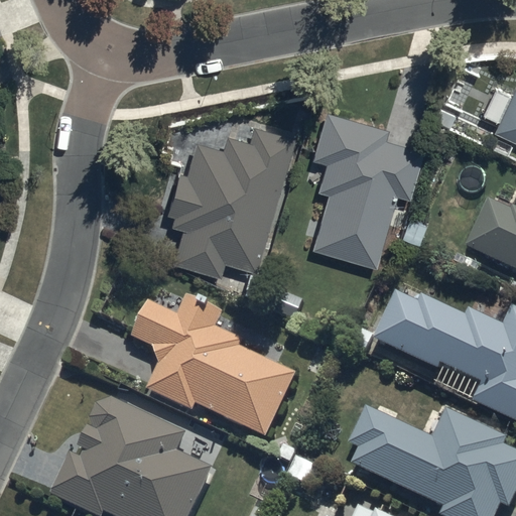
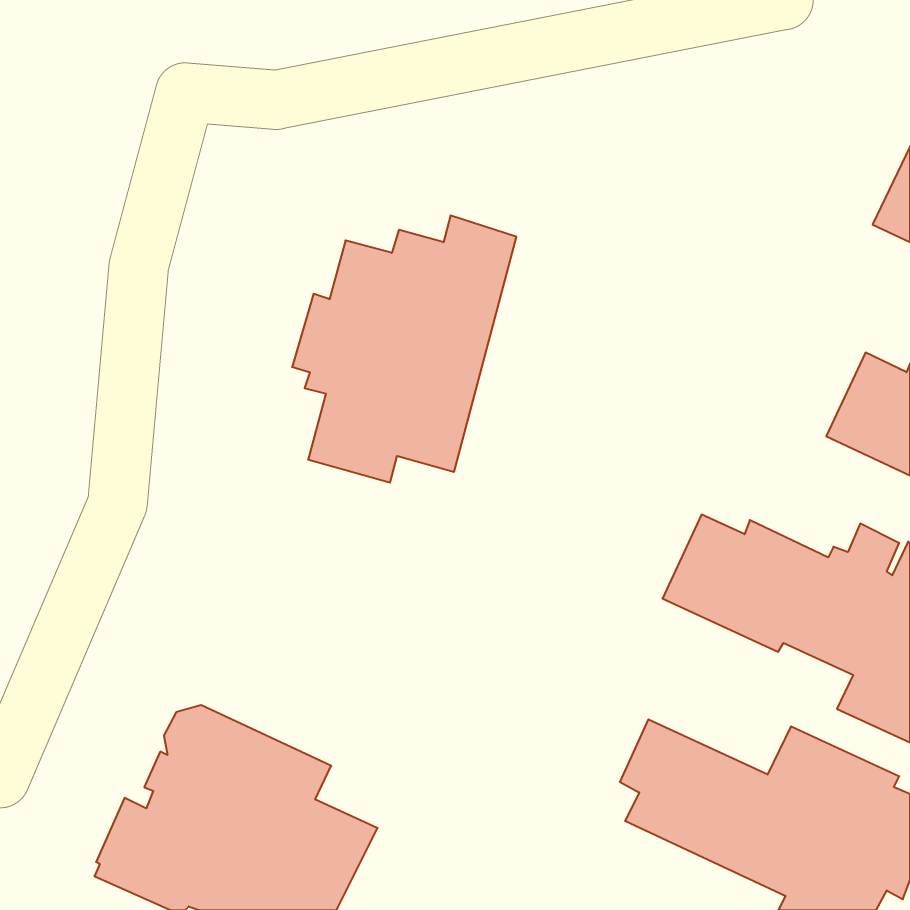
building: [313,107,422,262] -> none
building: [133,295,297,438] -> none

